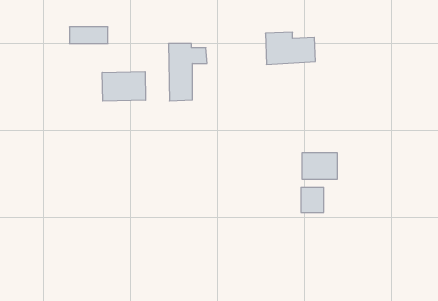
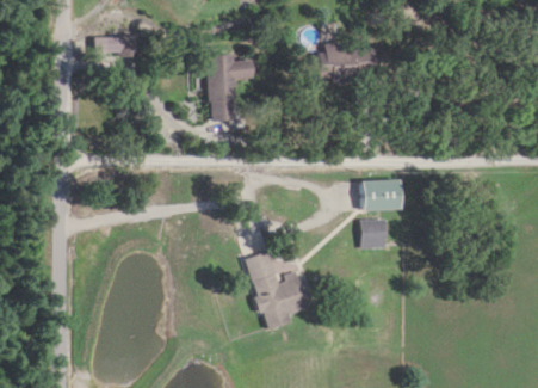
building: [102,72,146,101] -> none
building: none -> [247,251,309,328]

